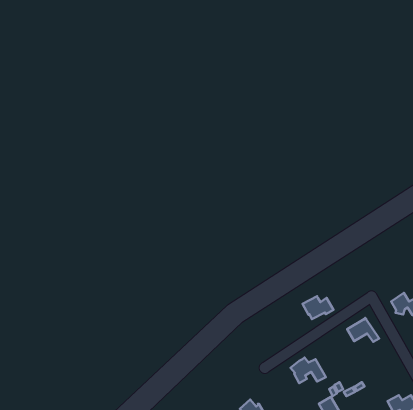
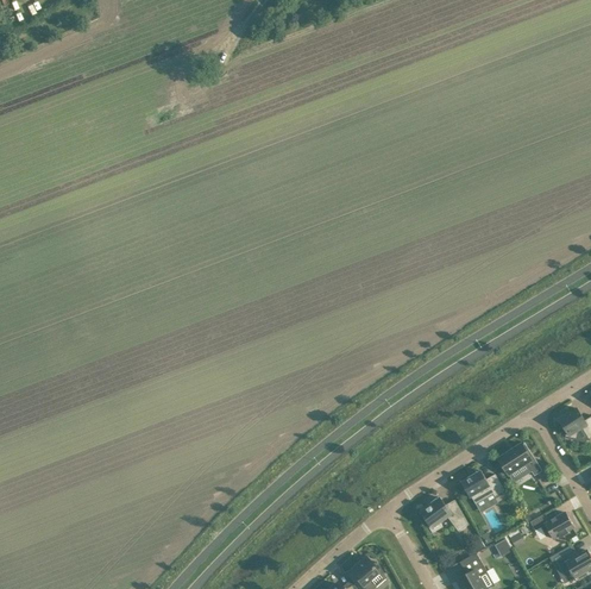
building: [302,296,333,319] -> [460,471,503,503]
building: none -> [528,513,572,539]

